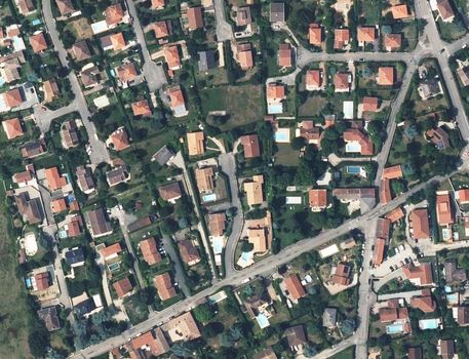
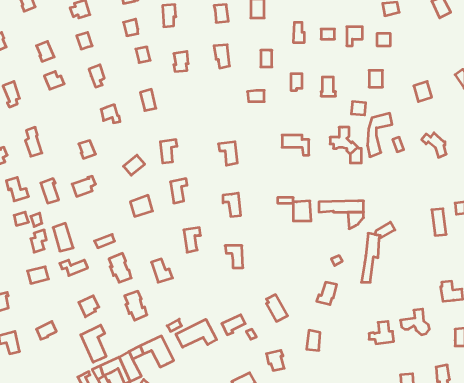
building: [380,165,402,205] -> [367,113,392,157]
building: [413,210,429,238] -> none
building: [402,263,432,283] -> none
building: none -> [176,319,217,347]
building: none -> [81,325,106,362]

